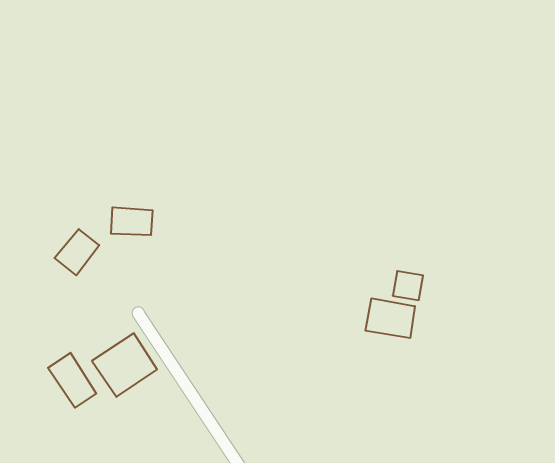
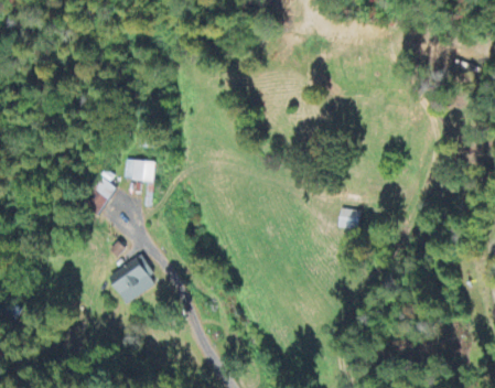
building: [366,298,415,338] -> none
building: [48,353,96,408] -> none

